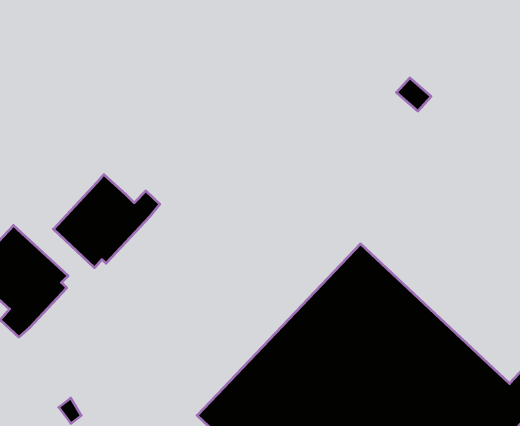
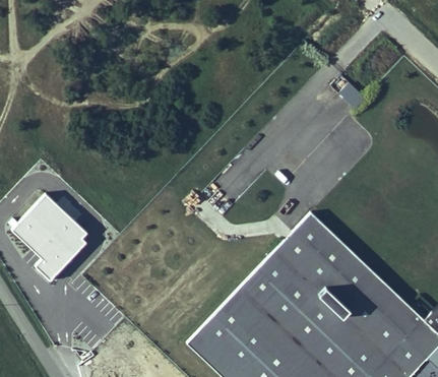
building: [53,175,160,268] -> none

